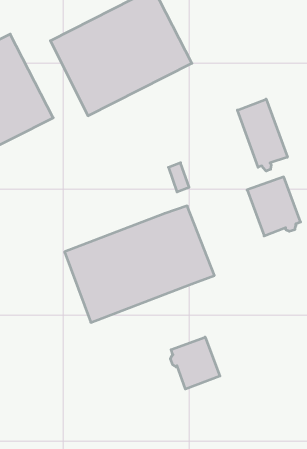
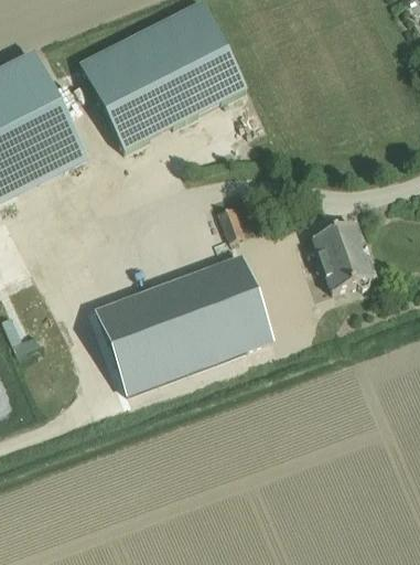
building: [237,99,287,171] -> none
building: [170,337,220,389] -> none

